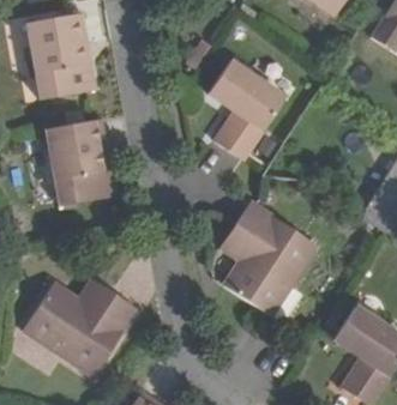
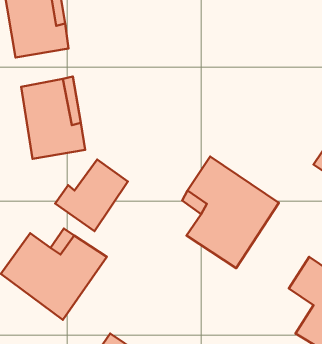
building: [209,58,285,156] -> none
building: none -> [55,159,128,231]

